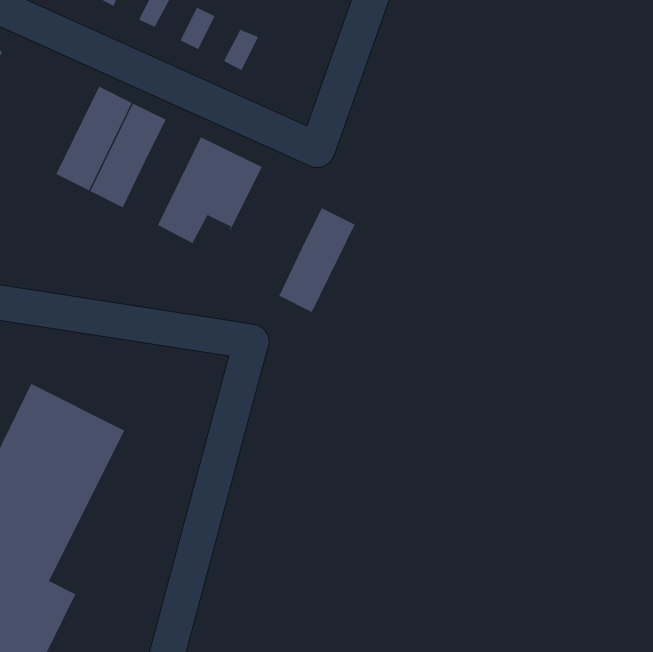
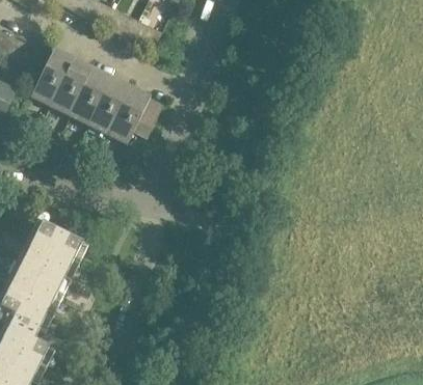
building: none -> [30,49,74,107]
building: [278,207,356,313] -> [87,77,130,135]

